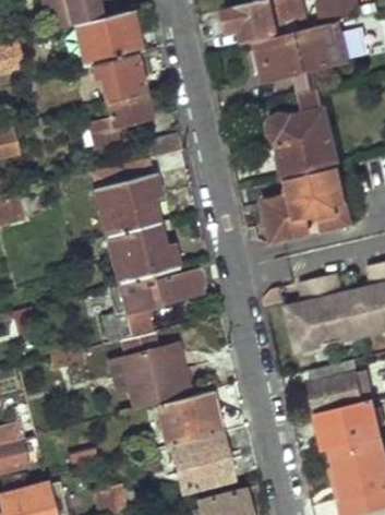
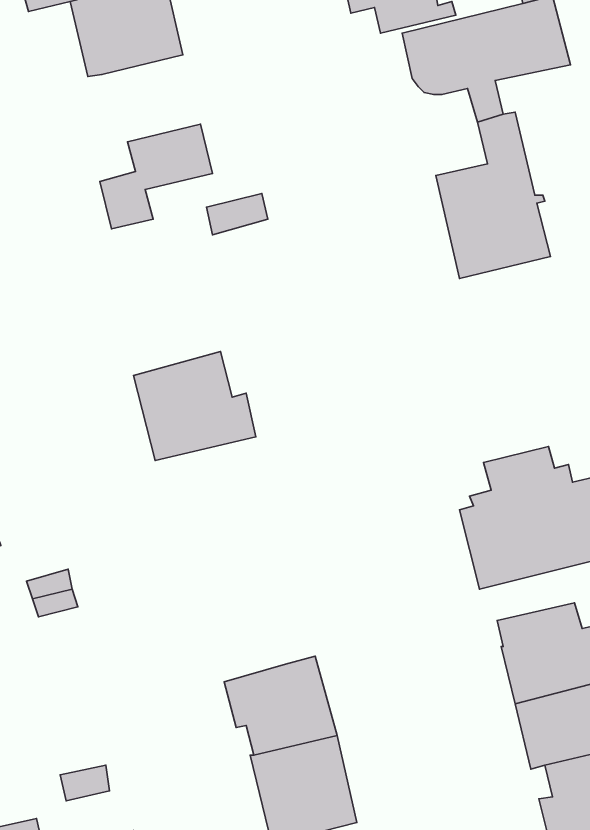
building: [91,57,145,105] -> none
building: [263,168,348,239] -> none
building: [96,171,159,233] -> none
building: [104,265,204,342] -> none
building: [110,340,192,407] -> none

